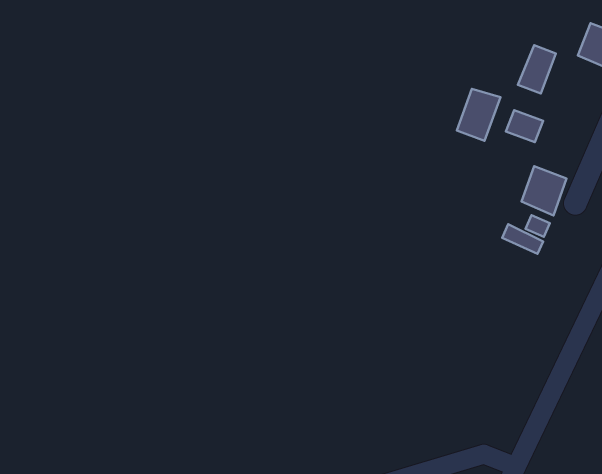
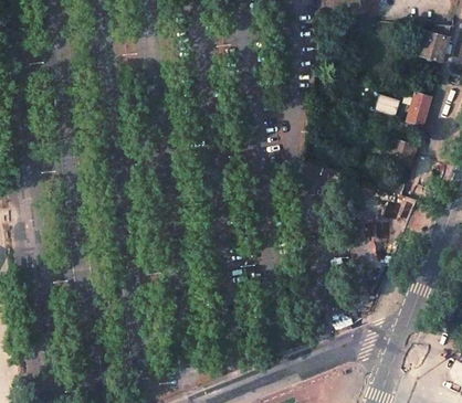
building: [518,45,556,93] -> [407,92,431,125]
building: [457,89,500,141] -> none

